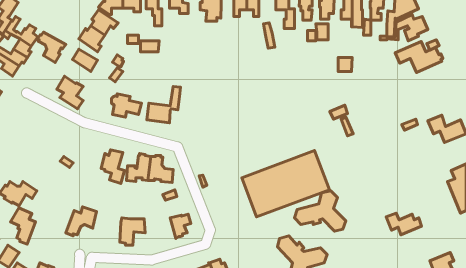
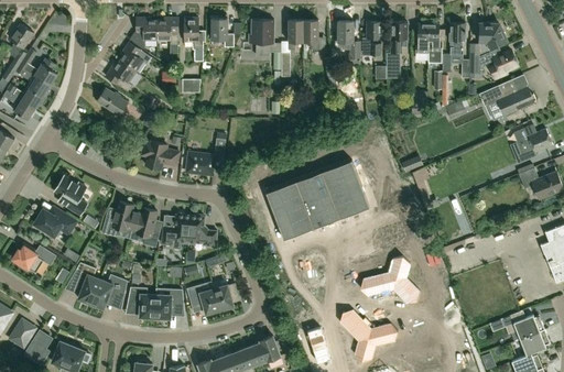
building: [37,32,66,62] -> none
building: [57,76,83,109] -> [55,176,86,215]
building: none -> [513,123,553,153]
building: none -> [101,201,137,237]
building: none -> [34,206,76,236]
building: [242,151,329,217] -> [267,161,370,239]
building: [10,208,36,244] -> [70,263,100,306]
building: [386,213,422,235] -> [502,314,544,339]
building: none -> [129,287,155,319]
building: none -> [191,288,220,314]

